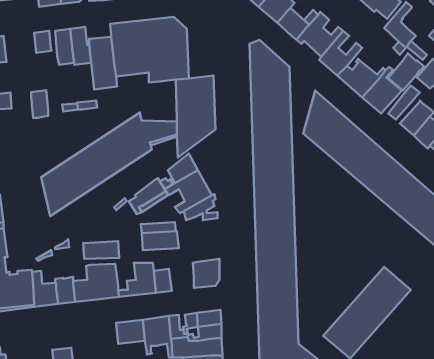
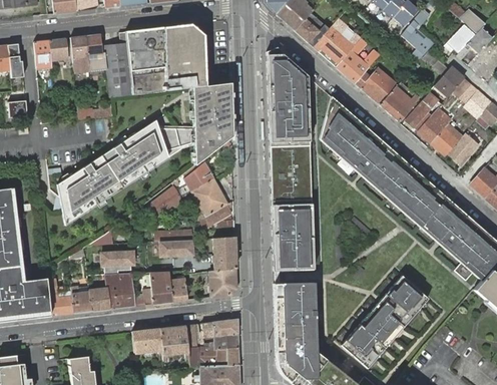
building: [388,53,424,91] -> none
building: [31,90,48,118] -> [35,39,52,67]
building: none -> [212,236,236,270]

